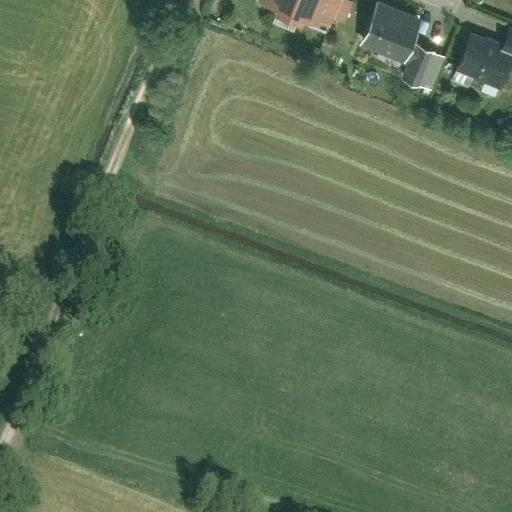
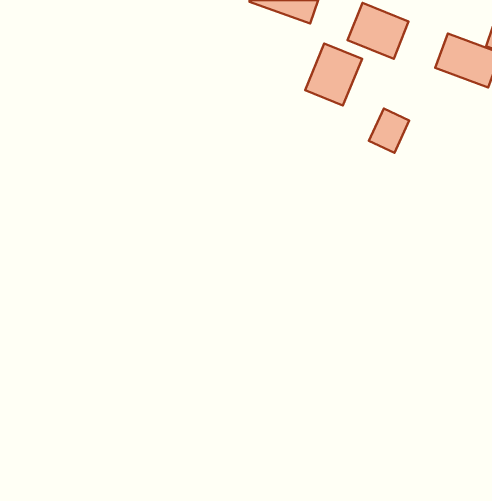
building: none -> [305,44,362,106]
building: [404,46,445,91] -> [369,109,409,153]

